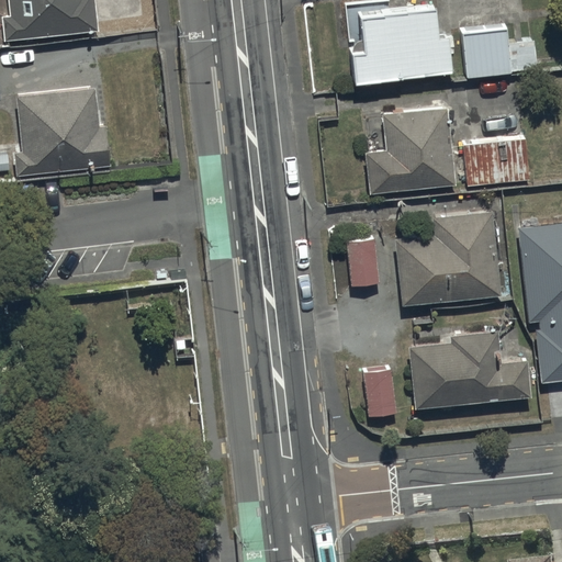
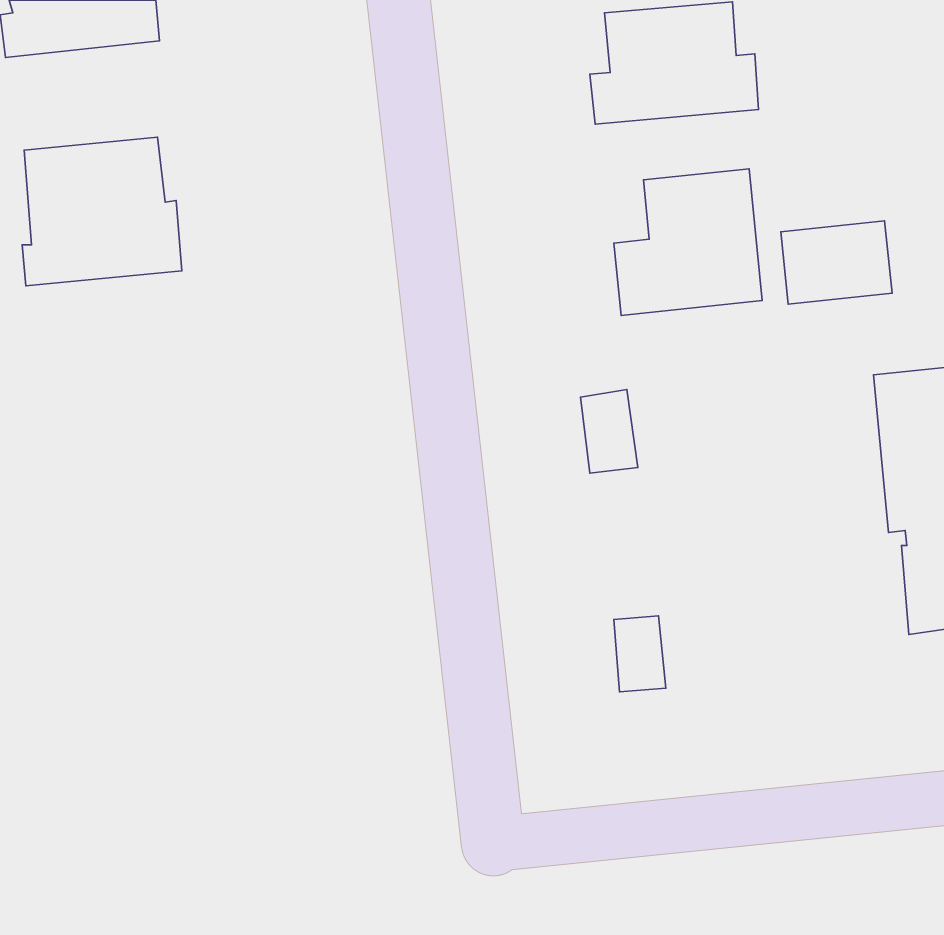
building: [462,30,537,78] -> none
building: [395,212,501,306] -> none
building: [408,331,530,408] -> none

